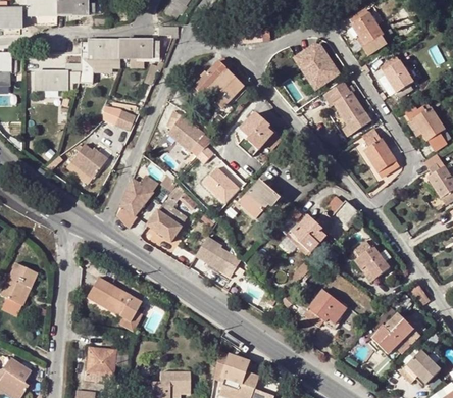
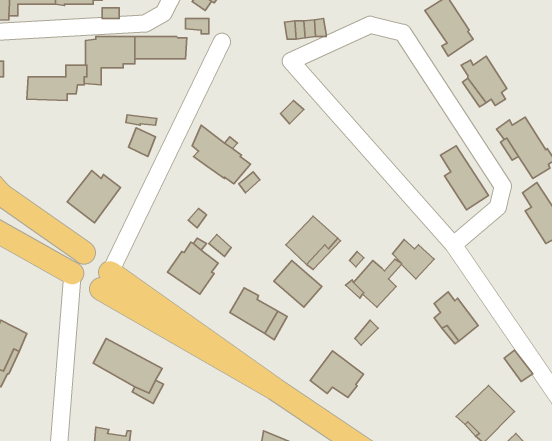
building: [294,45,335,87] -> none
building: [193,60,244,109] -> none
building: [323,81,369,136] -> none
building: [238,111,287,156] -> none
building: [206,165,244,202] -> [274,260,322,307]
building: [116,173,157,229] -> none
building: [305,290,347,327] -> [310,351,364,398]

